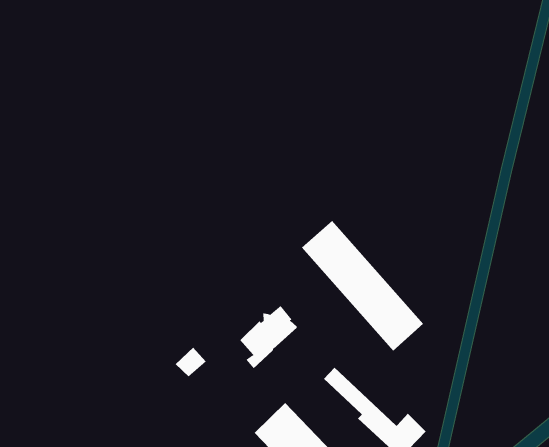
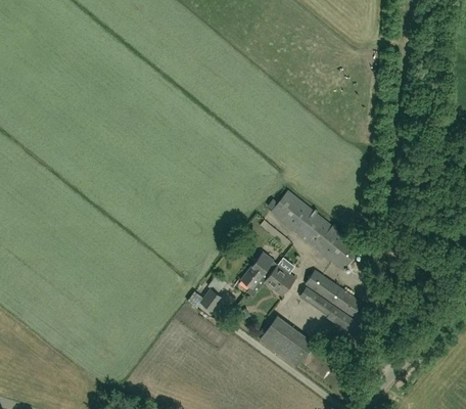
building: none -> [264,258,295,297]
building: none -> [305,270,362,317]

